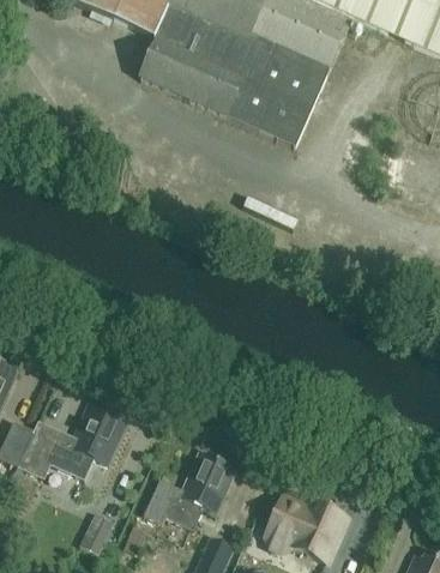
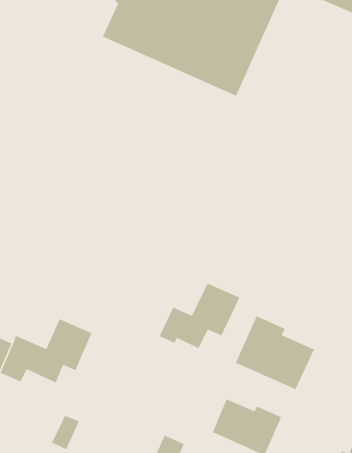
building: none -> [235,315,315,390]
building: [143,450,237,526] -> [158,283,240,349]

